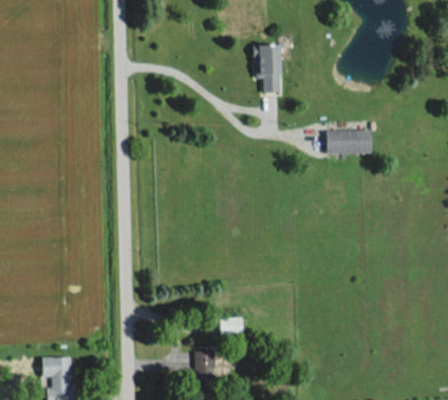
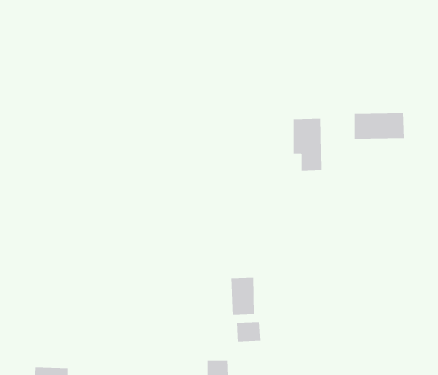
building: [255,45,281,92] -> [293,118,322,171]
building: none -> [231,277,254,316]

